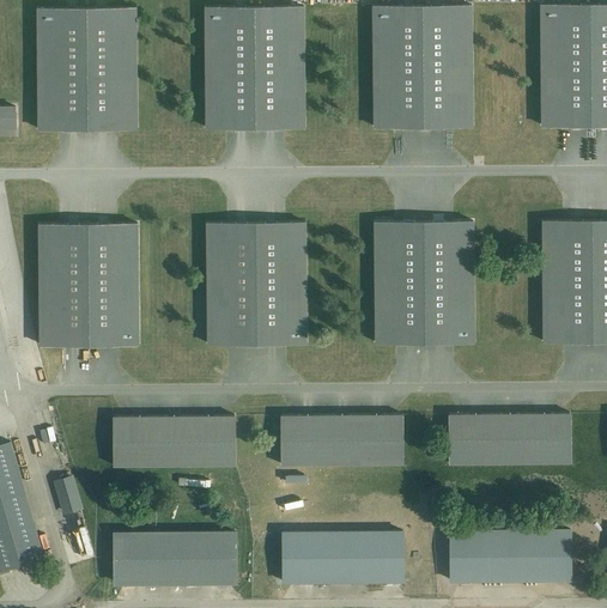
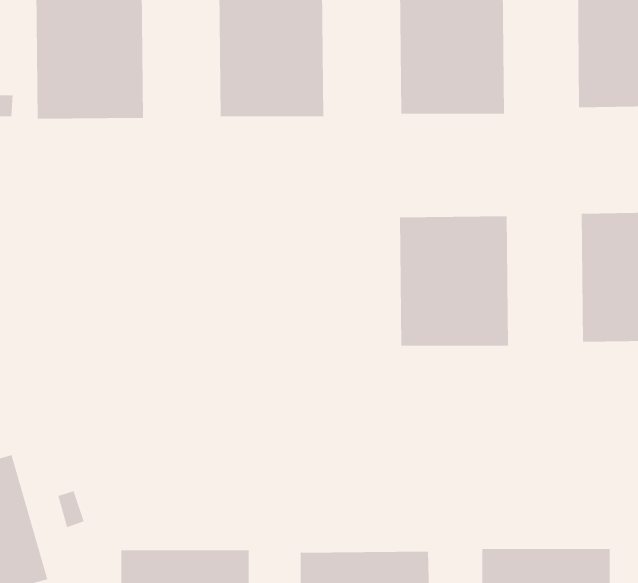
building: [208,220,306,341] -> none
building: [40,225,138,346] -> none
building: [281,413,402,464] -> none
building: [448,414,567,466] -> none
building: [115,415,236,467] -> none

